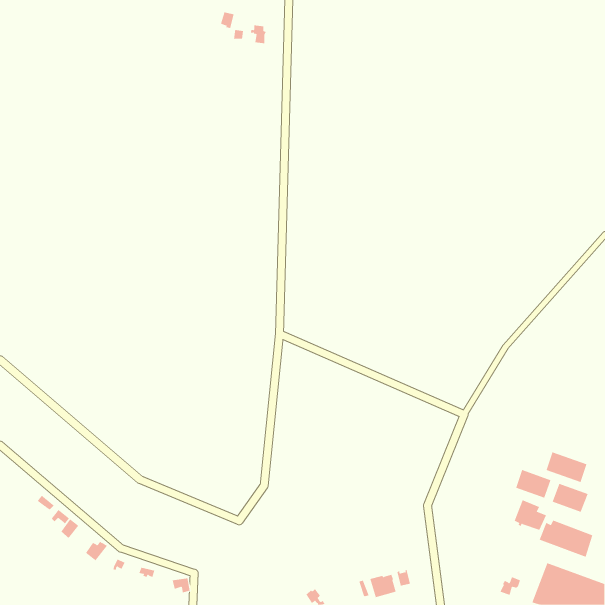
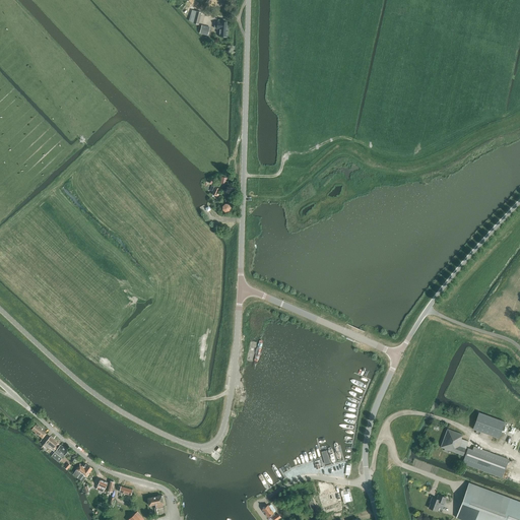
building: [546,451,587,483] -> none
building: [516,469,551,499] -> none

